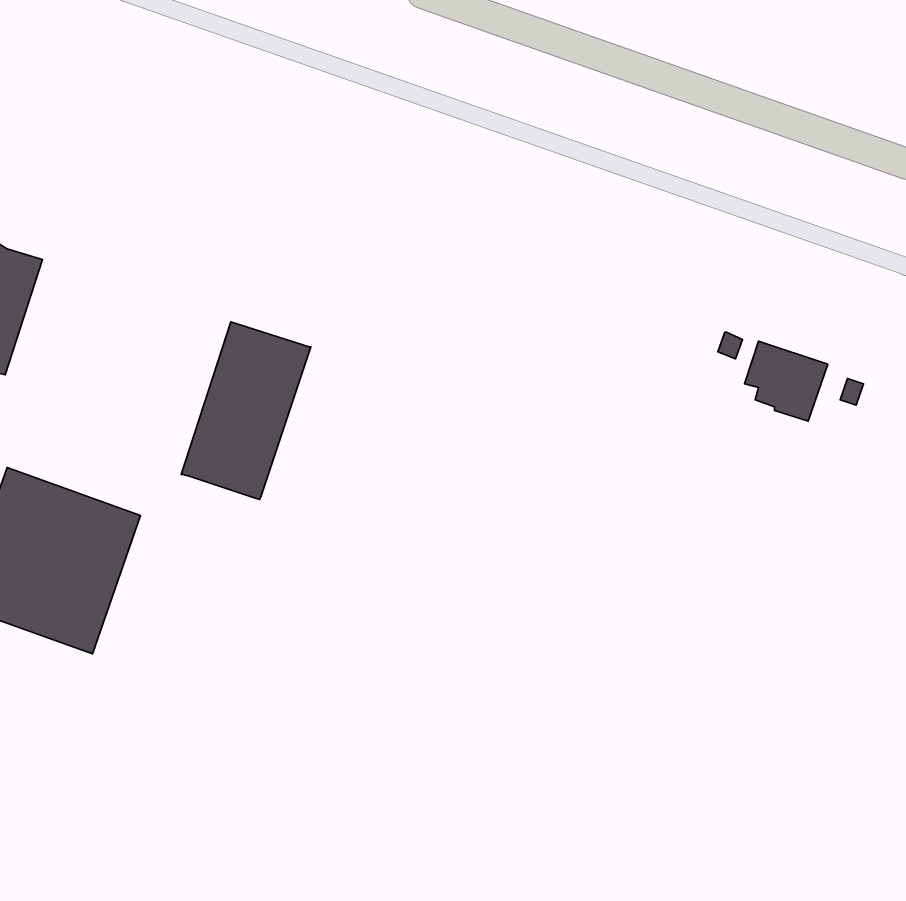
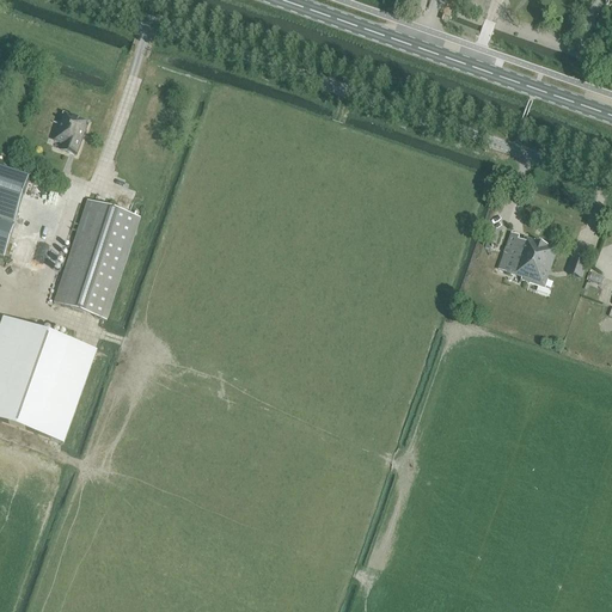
building: none -> [51,111,86,153]
building: [181,322,311,500] -> [53,197,140,317]

